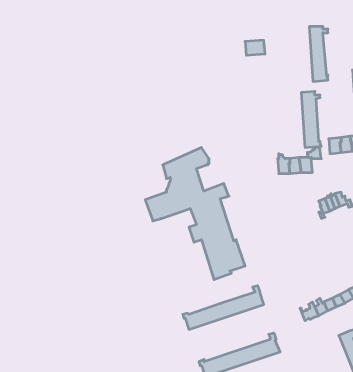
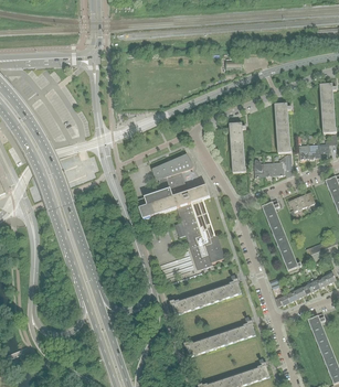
building: [309,27,328,81] -> [229,123,245,172]
building: none -> [262,202,300,271]

